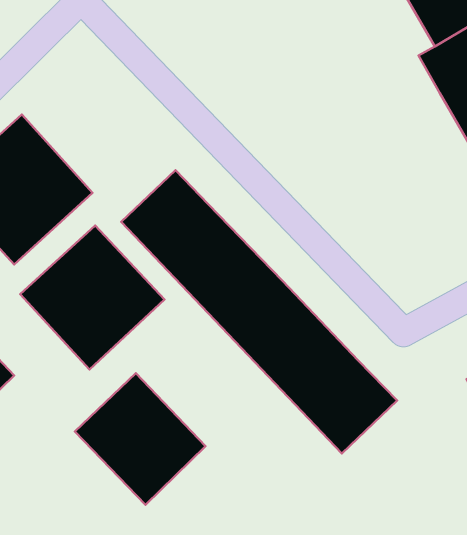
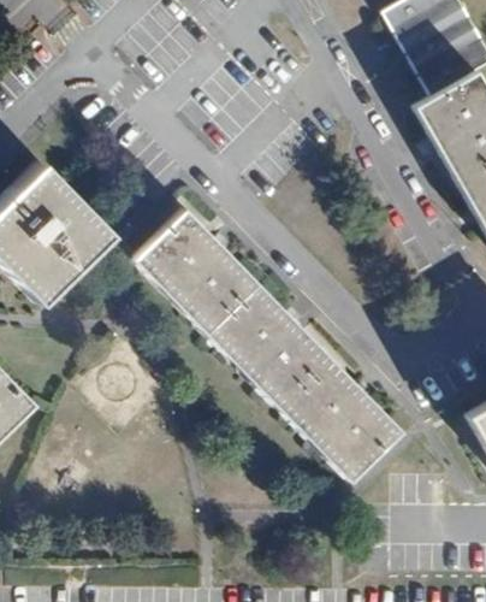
building: [20,226,164,370] -> none
building: [75,373,206,505] -> none

